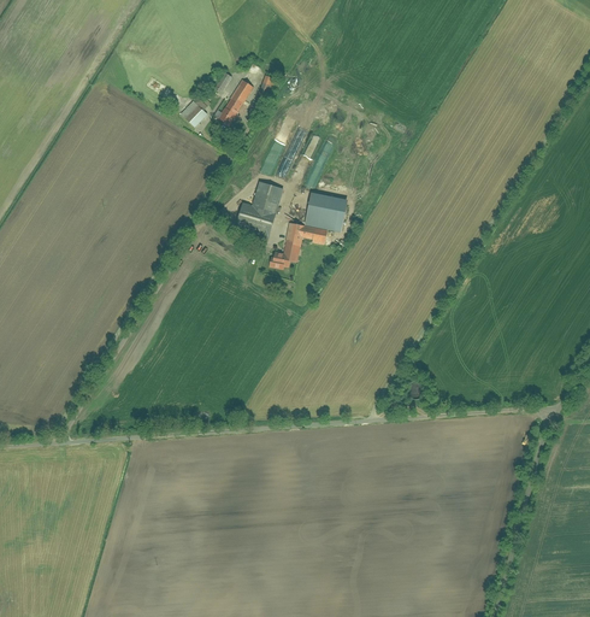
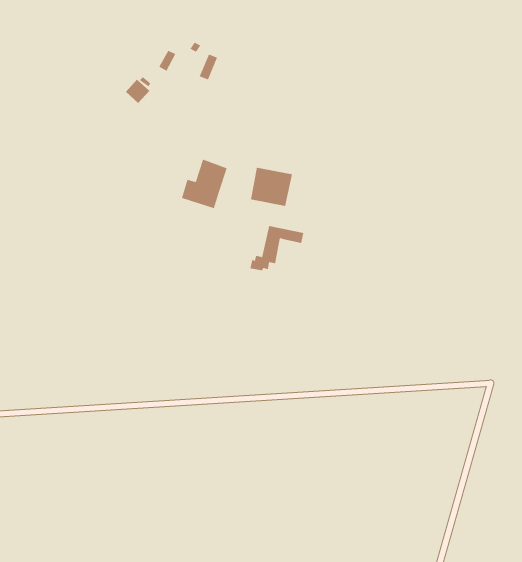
building: [213,80,252,125] -> none
building: [269,223,324,269] -> [250,226,304,271]

